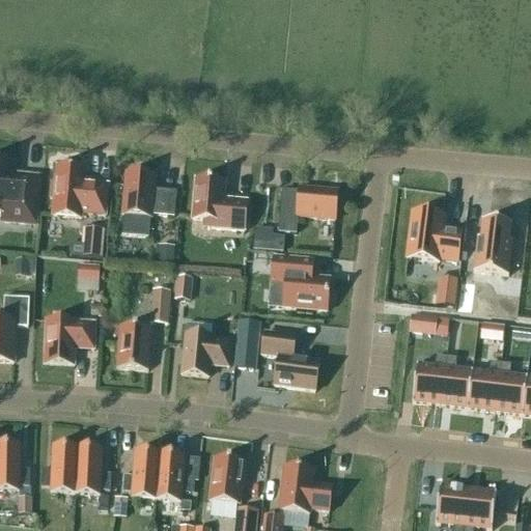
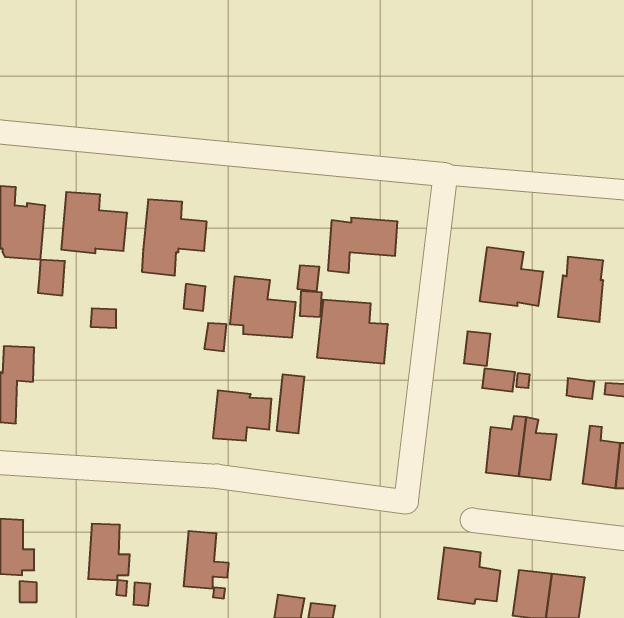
building: [192,175,248,227] -> [230,276,296,338]
building: [82,225,105,255] -> [38,260,65,295]
building: [436,274,458,303] -> [464,331,491,366]
building: [150,286,171,320] -> none
building: [45,317,95,362] -> none
building: [117,323,151,367] -> none
building: [261,329,319,388] -> none
building: [468,359,501,410] -> none
building: [41,442,79,491] -> none
building: [122,447,161,497] -> none
building: [209,455,246,502] -> none
building: [279,464,332,511] -> [438,547,500,604]

